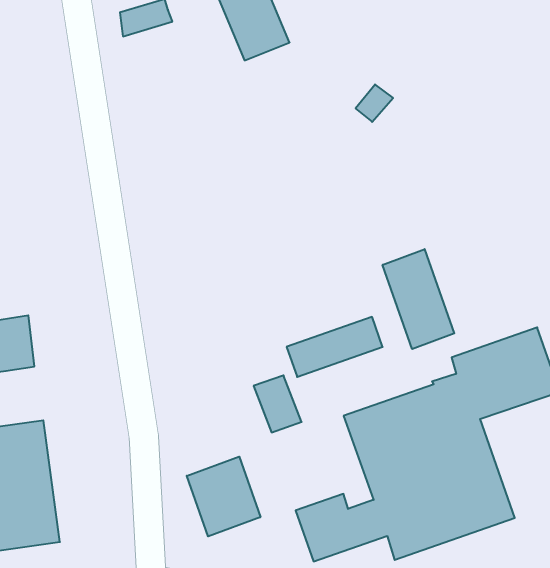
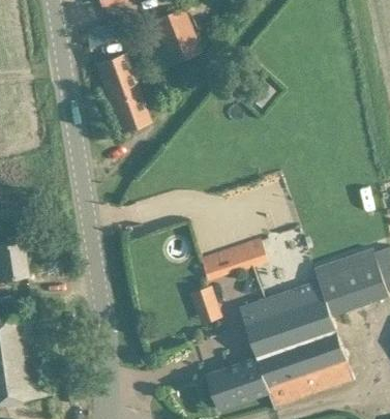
building: none -> [96,54,150,131]
building: [383,249,454,349] -> none
building: [187,457,260,536] -> none

